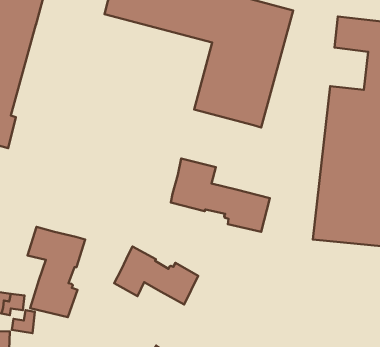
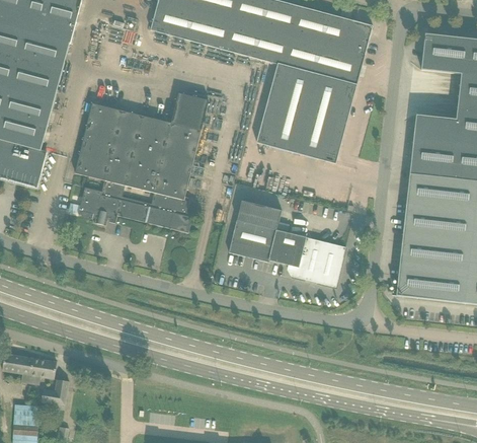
building: none -> [75,91,209,232]
building: [27,227,85,317] -> none
building: [114,247,198,304] -> none

